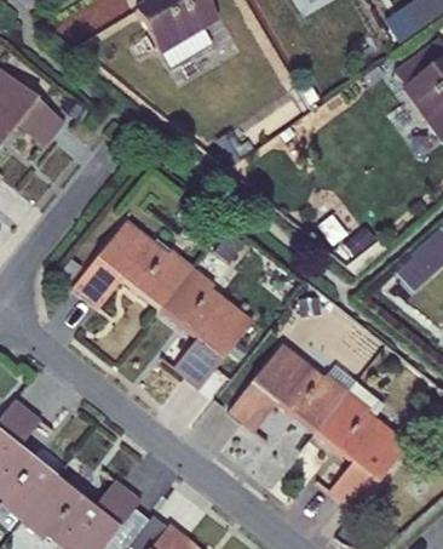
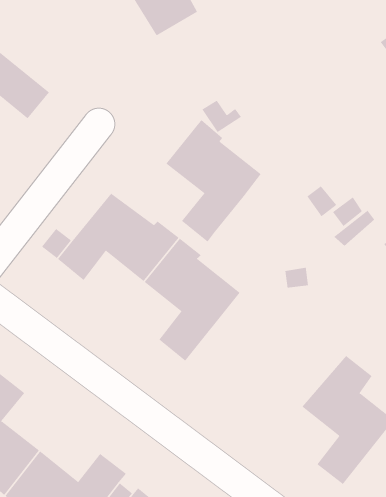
building: none -> [166,119,261,243]
building: [228,343,358,433] -> none

